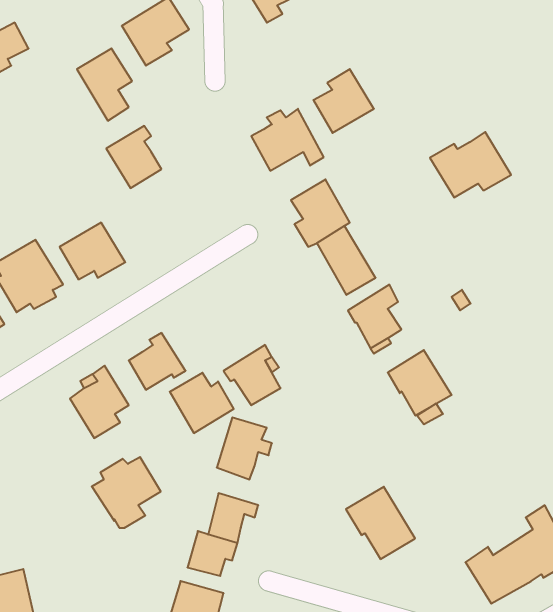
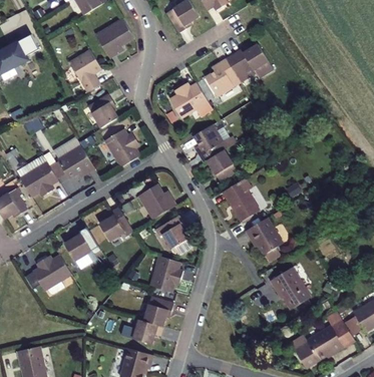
building: [430,132,511,197] -> [226,41,273,79]
building: none -> [102,126,139,164]
building: [170,373,234,433] -> [136,186,173,222]
building: [92,457,161,528] -> [28,256,68,297]
building: [346,487,415,559] -> [272,270,312,312]

